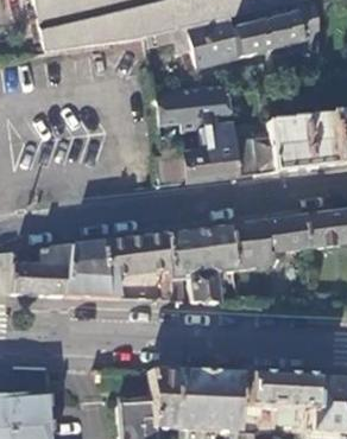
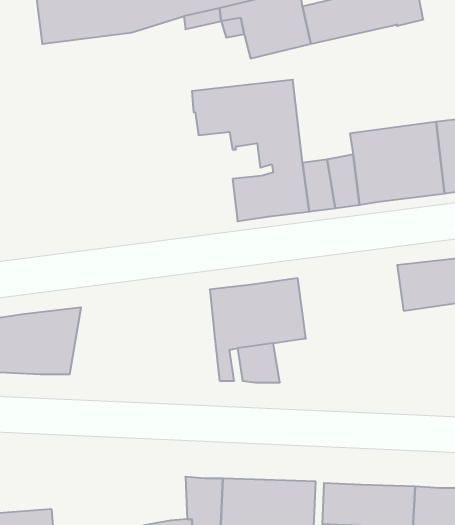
building: [231,215,308,268] -> none
building: [64,233,170,297] -> none

